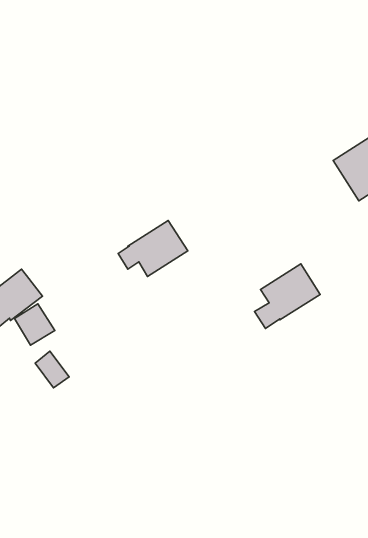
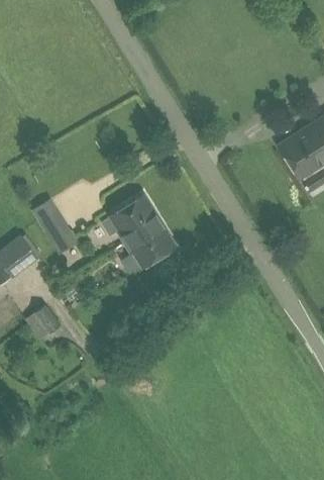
building: [254,264,320,329] -> [120,221,175,275]
building: [15,304,55,345] -> [37,209,71,244]

